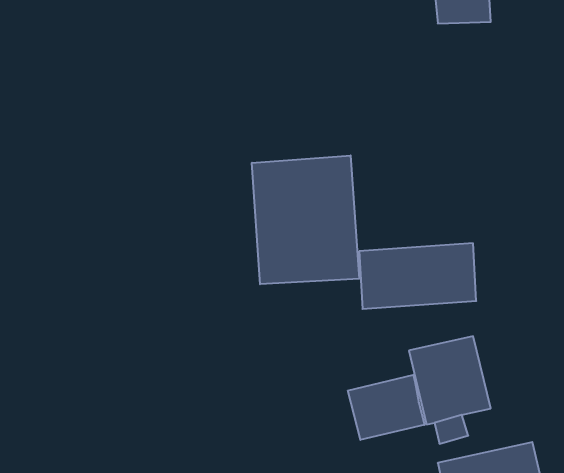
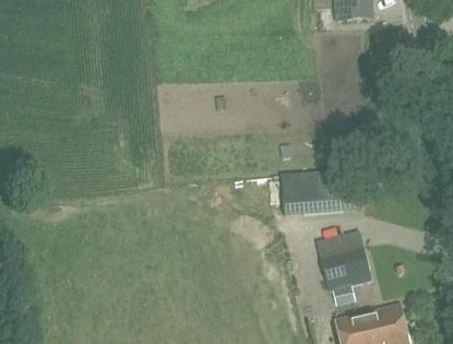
building: [252,155,359,284] -> none
building: [348,375,425,440] -> none

